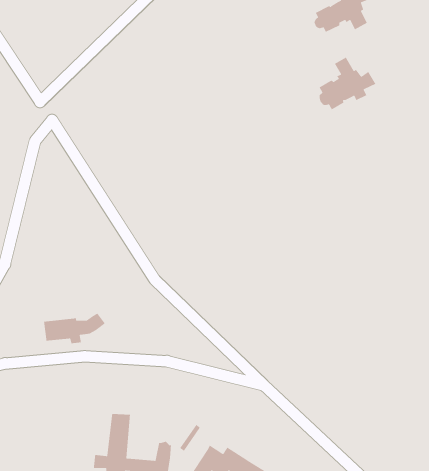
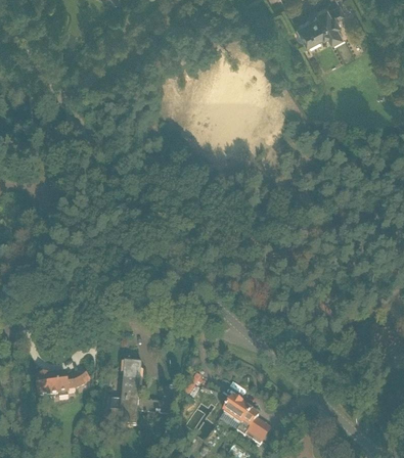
building: [318,57,376,111] -> none
building: [43,313,106,344] -> [37,370,90,397]

